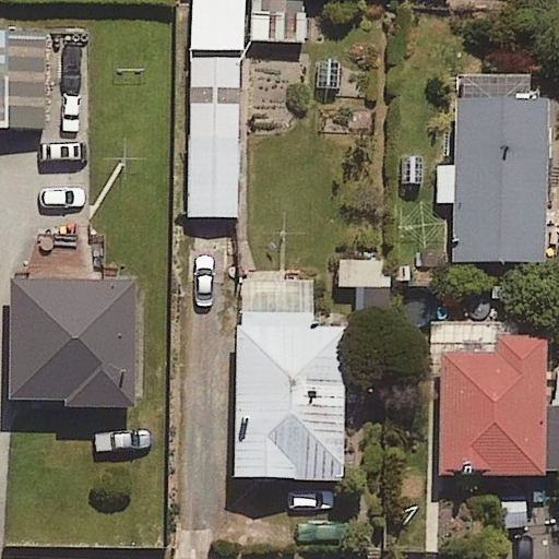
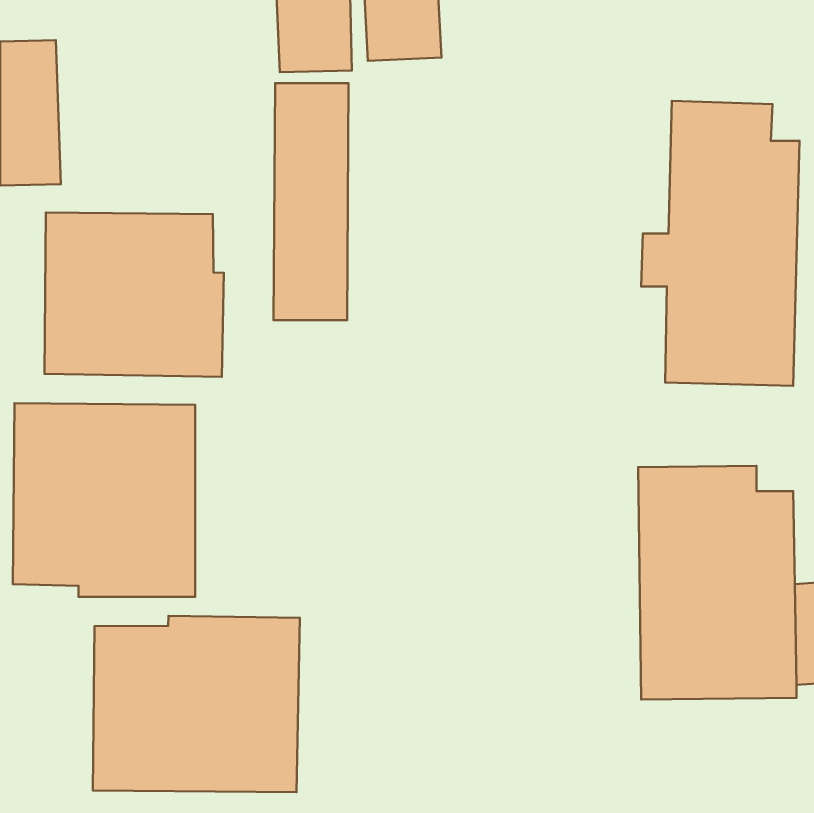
building: none -> [44,213,224,377]
building: [233,280,342,483] -> none
building: none -> [93,616,300,792]

